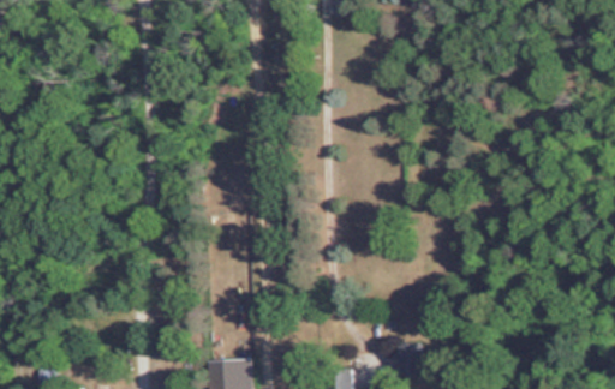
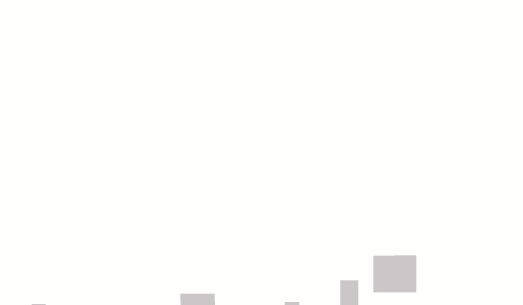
building: none -> [373,255,417,293]

